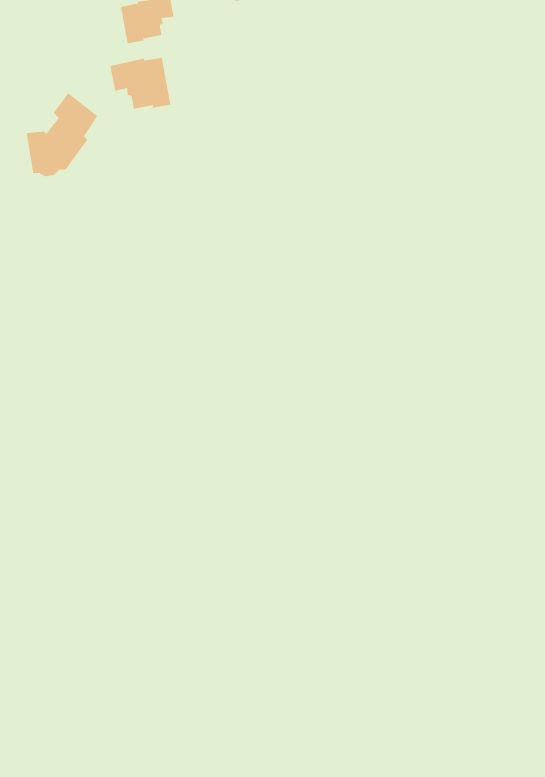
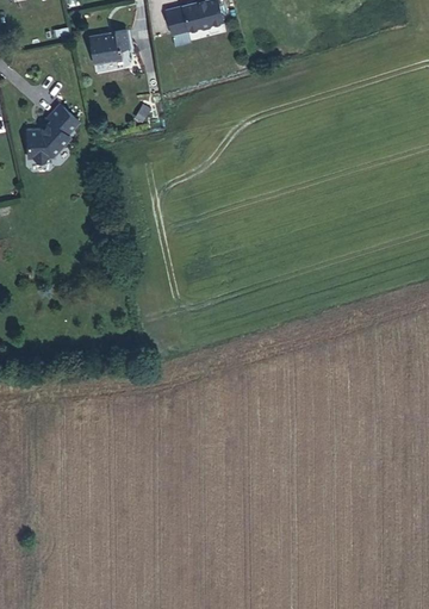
building: [110,57,171,109] -> none

